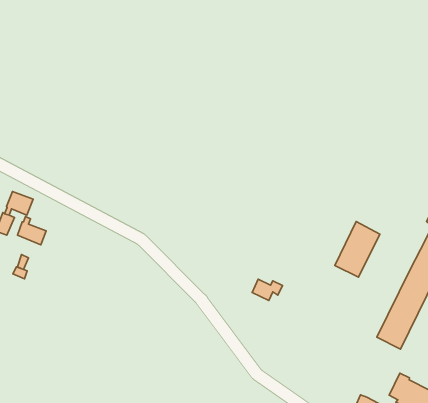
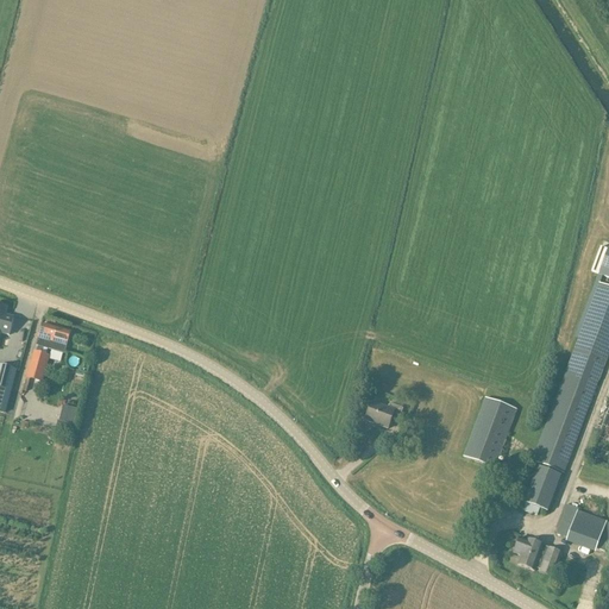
building: [17,217,46,245] -> none
building: [335,221,380,277] -> [464,395,517,466]
building: none -> [525,464,561,509]

